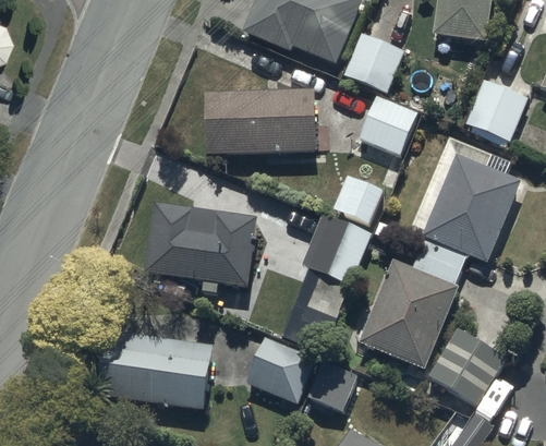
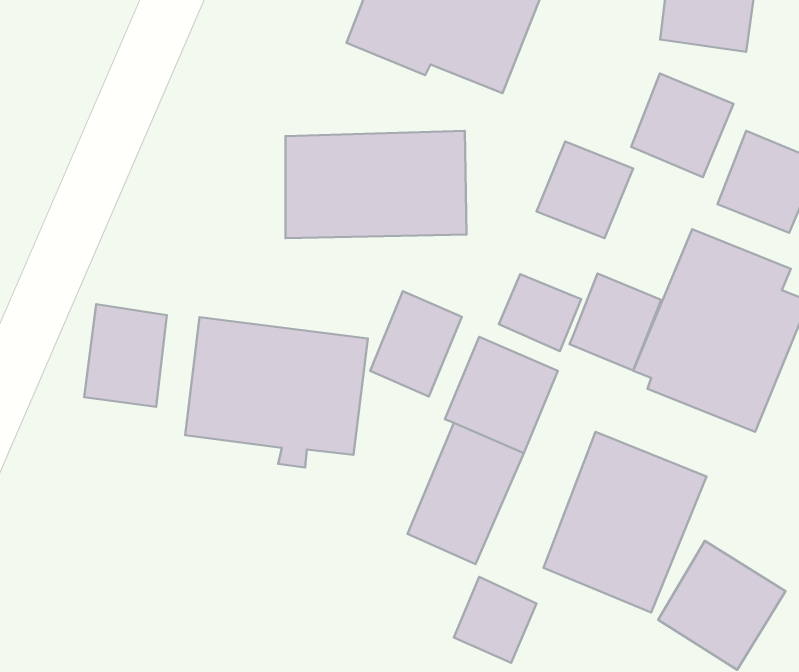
building: [343,28,405,92] -> [631,73,733,177]
building: none -> [570,274,661,371]
building: none -> [370,291,462,396]
building: none -> [84,304,167,407]
building: [99,330,211,406] -> none
building: [245,335,315,401] -> none

